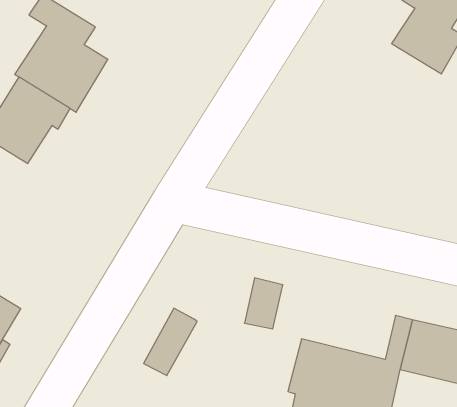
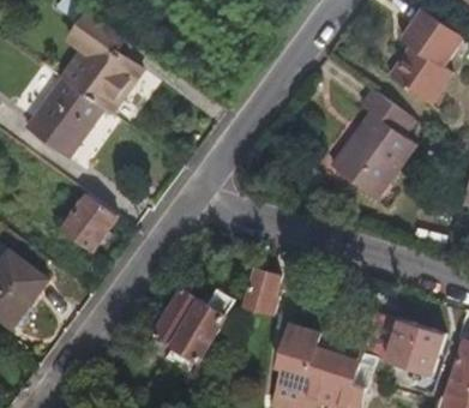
building: none -> [330,89,414,202]
building: none -> [62,191,121,251]
building: none -> [170,289,234,362]

